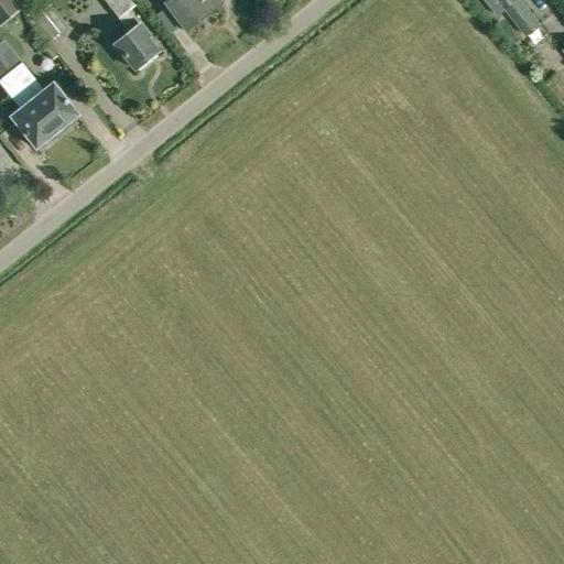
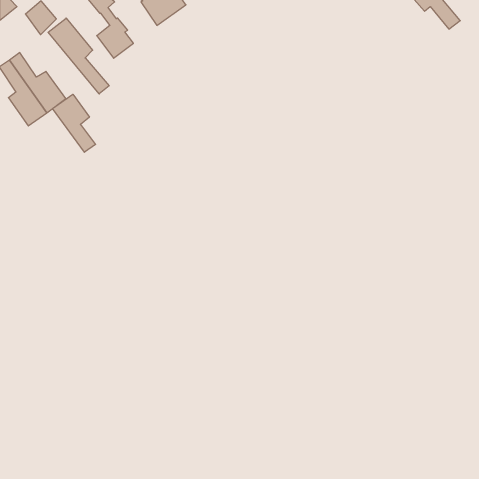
building: none -> [48,18,109,94]
building: none -> [52,94,96,152]

